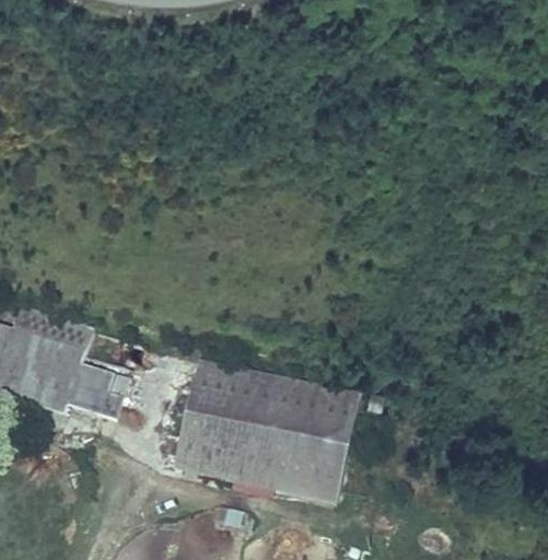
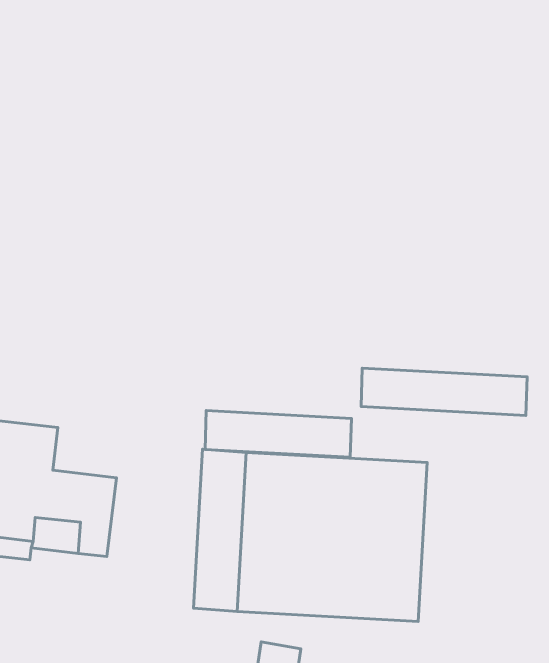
building: none -> [361,368,527,416]
building: none -> [205,410,351,457]

